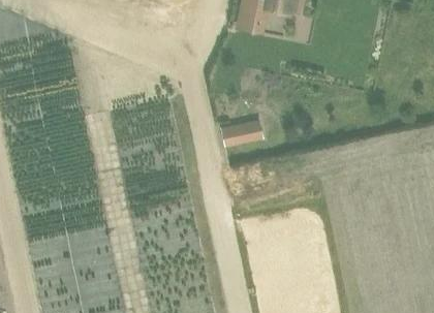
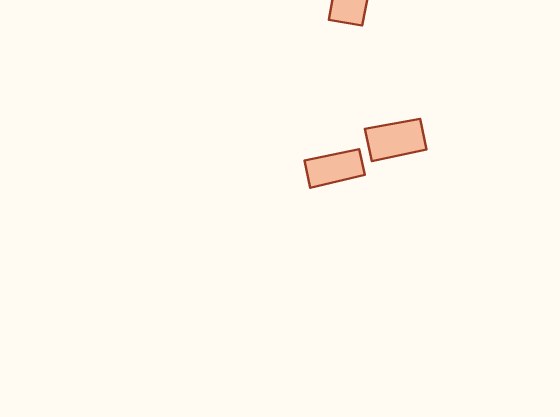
building: none -> [365,119,426,161]

